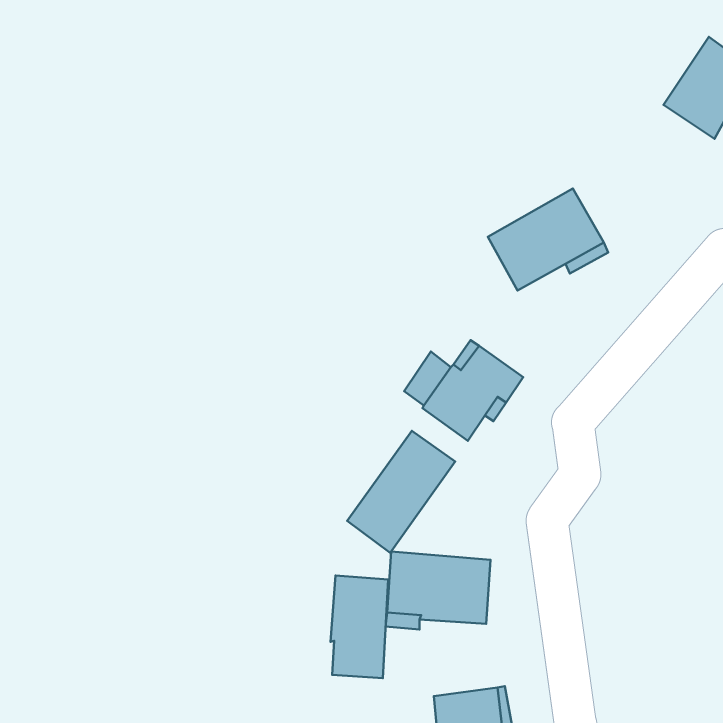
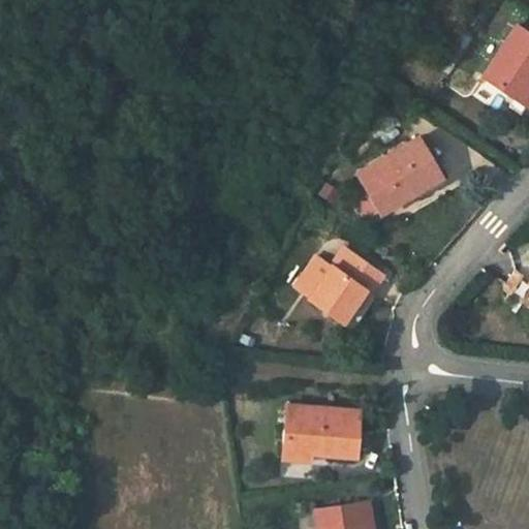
building: [347,431,455,553] -> none
building: [331,576,388,678] -> none

